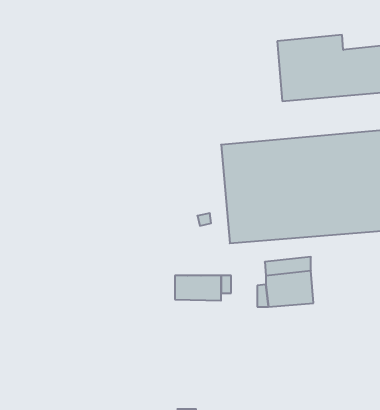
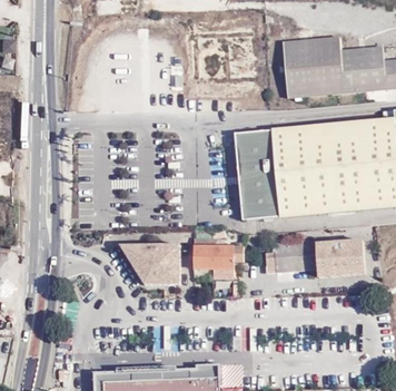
building: none -> [318,243,367,271]
building: none -> [119,245,178,285]

